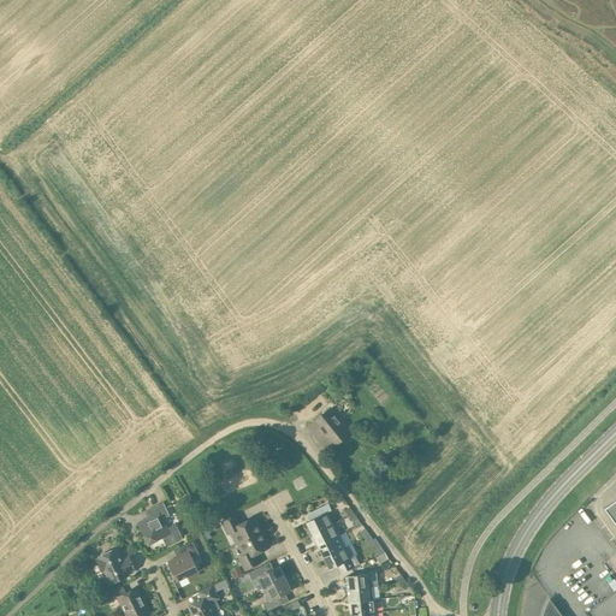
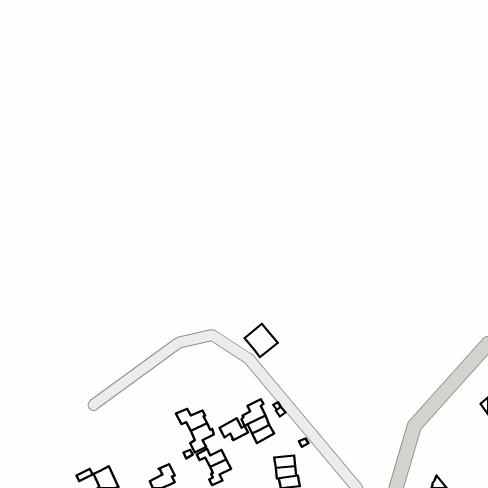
building: [137,502,183,546] -> none
building: [167,540,199,581] -> none
building: [324,546,360,574] -> [220,418,248,440]
building: [96,549,136,584] -> none

